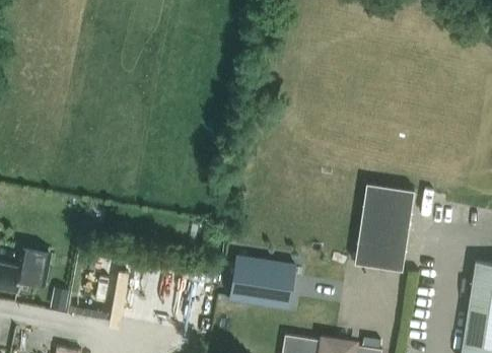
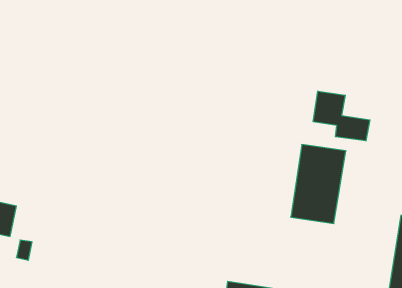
building: none -> [313,91,370,141]
building: [229,251,297,300] -> none

